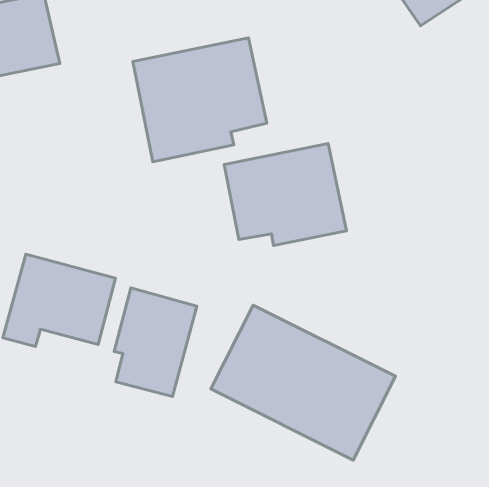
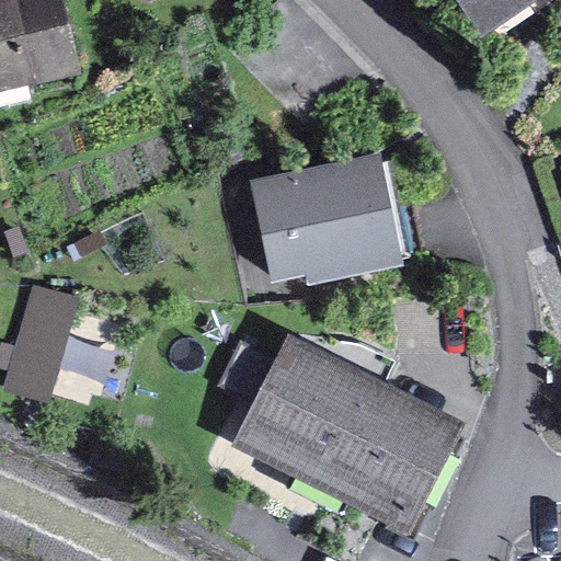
building: [133,38,267,162] -> none
building: [114,288,197,396] -> none

